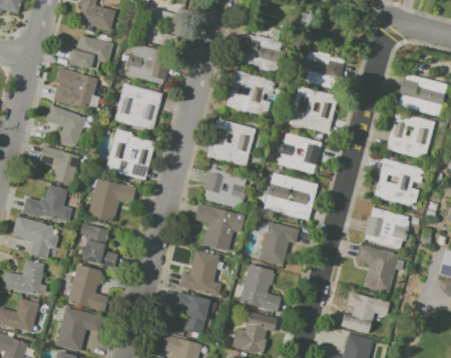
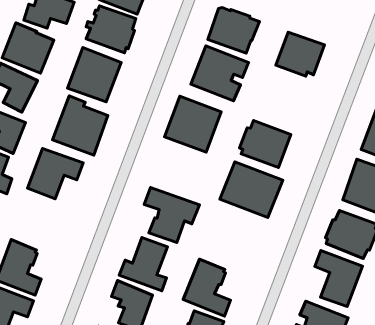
building: [289,86,337,134] -> none
building: [203,168,248,208] -> none
building: [79,223,117,269] -> none
building: [258,223,299,266] -> none

